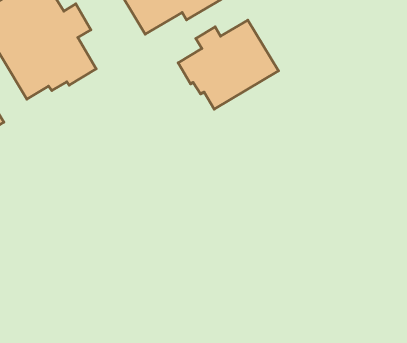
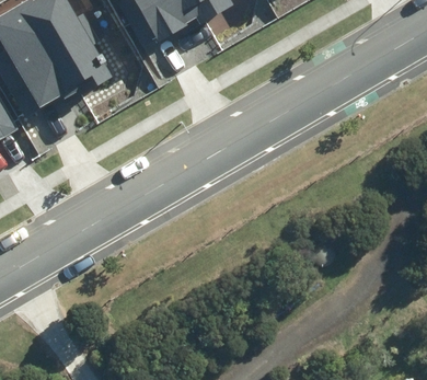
building: [178,20,278,109] -> none

